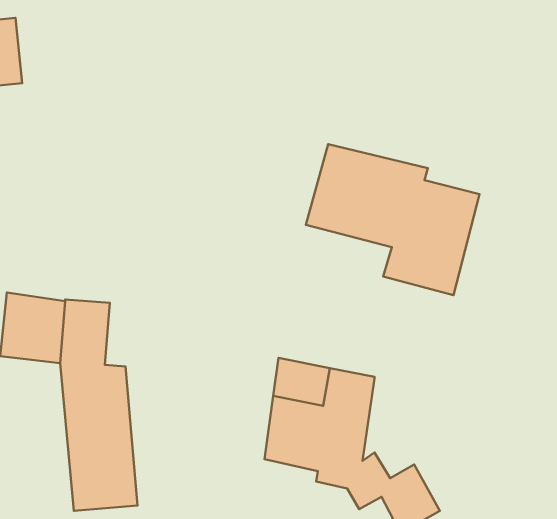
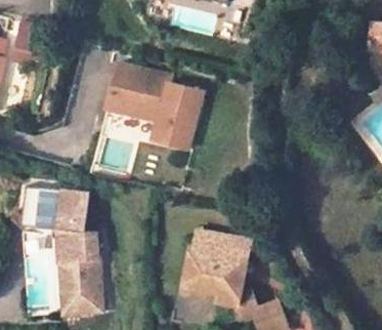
building: [306,144,479,295] -> [100,63,204,153]

